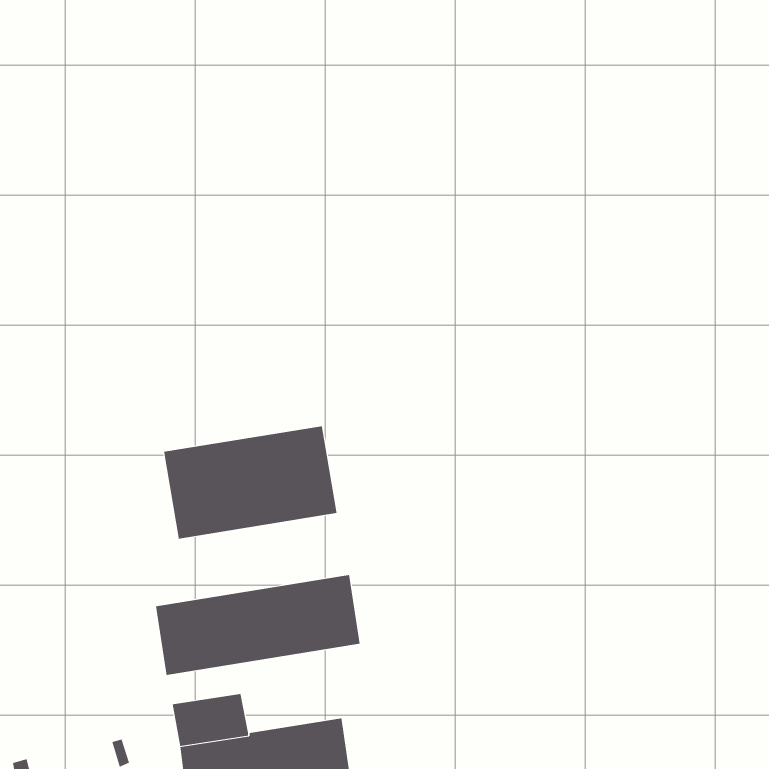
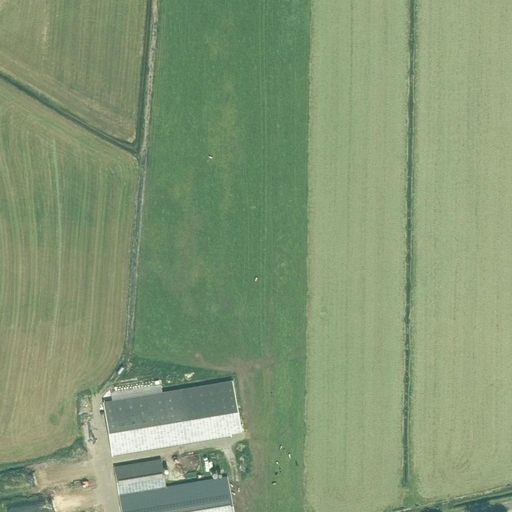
building: [164,425,337,539] -> none

